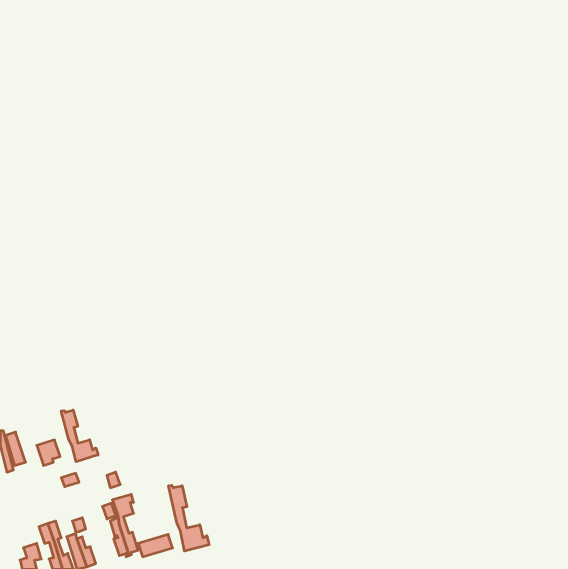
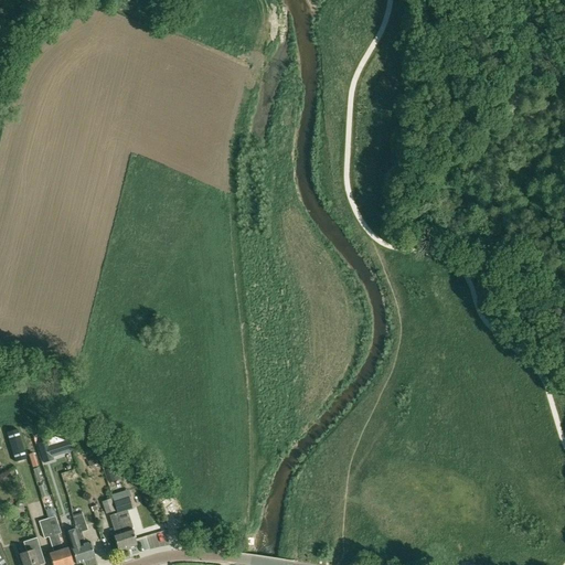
building: [61,410,98,462] -> none
building: [169,485,209,551] -> none

